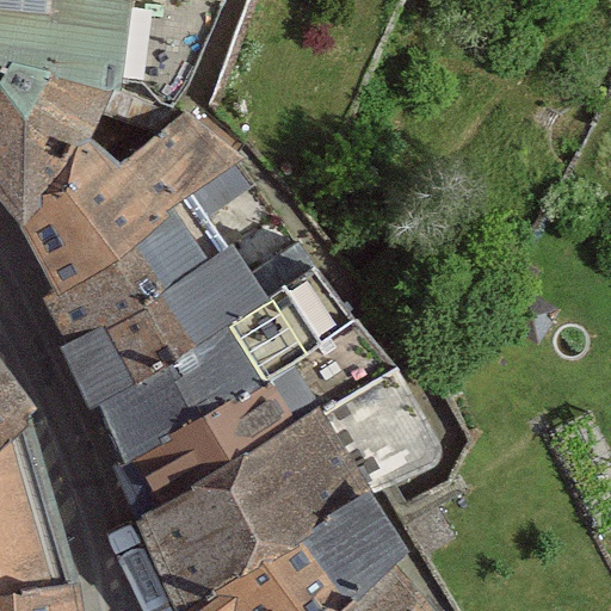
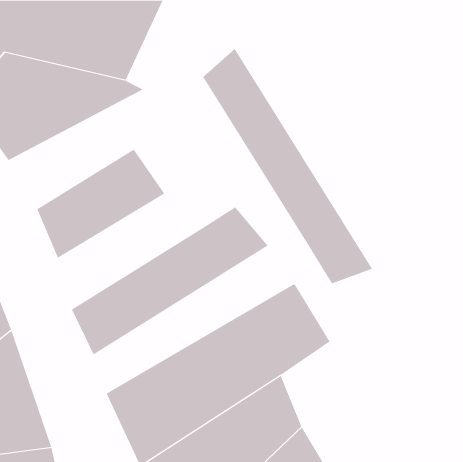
building: none -> [202,48,373,284]
building: [11,123,227,279] -> none
building: [75,253,265,411] -> none
building: [122,327,385,520] -> none

